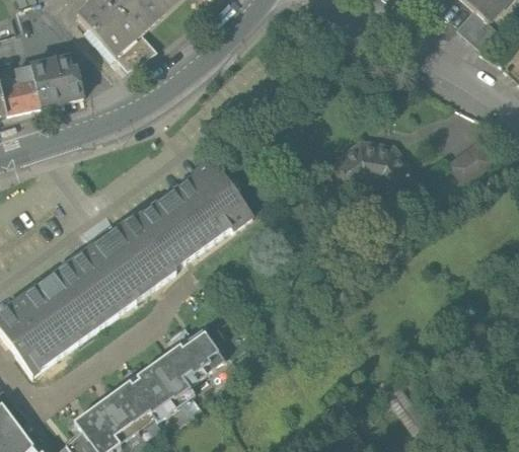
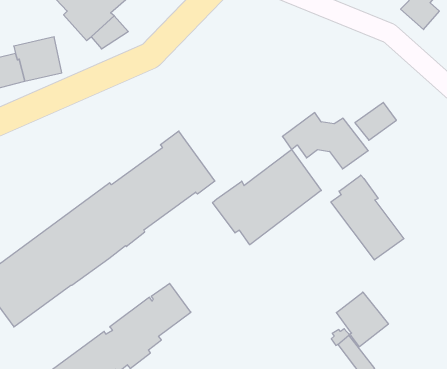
building: [448,139,494,180] -> [355,102,396,140]
building: none -> [213,150,321,245]
building: none -> [331,175,404,260]
building: none -> [336,292,388,347]

